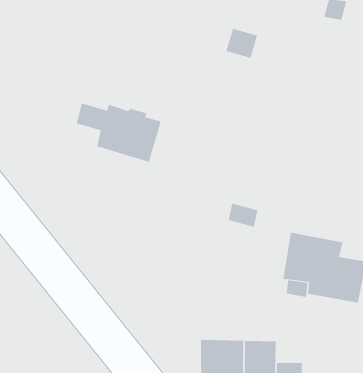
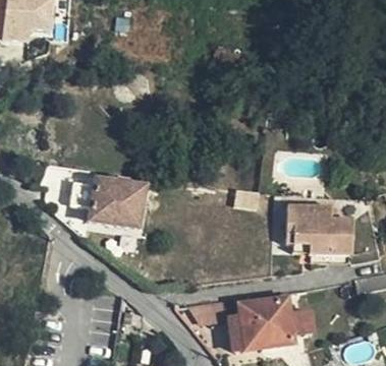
building: [76,103,162,163] -> [72,180,142,223]

